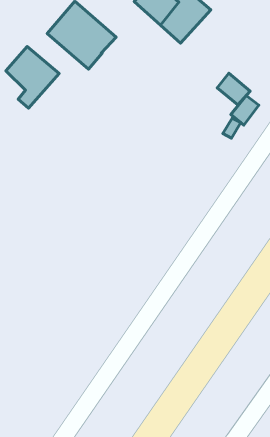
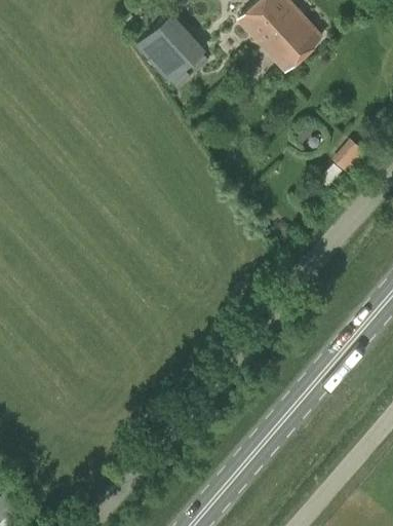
building: [6,46,59,108] -> none
building: [217,73,250,105] -> none

